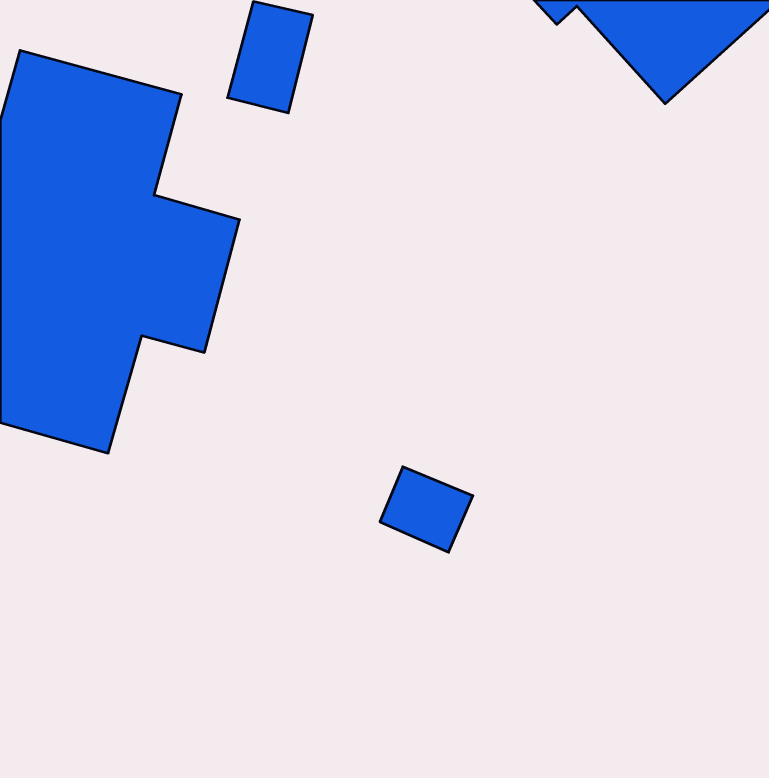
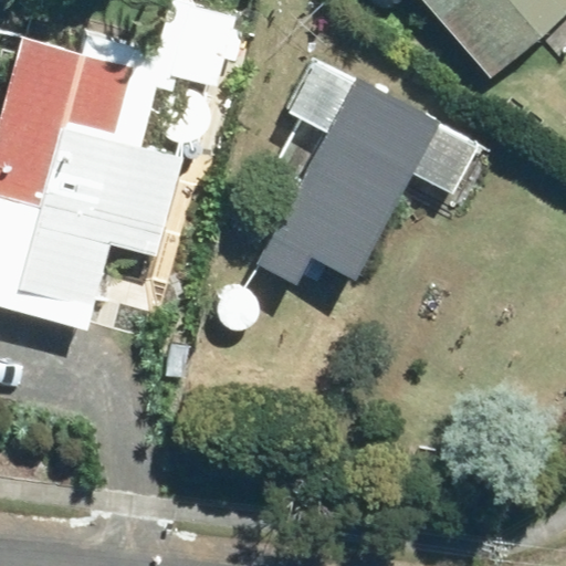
building: none -> [254,76,464,284]

